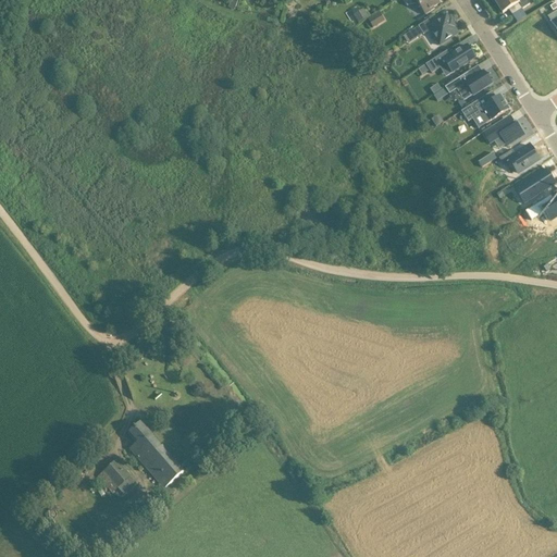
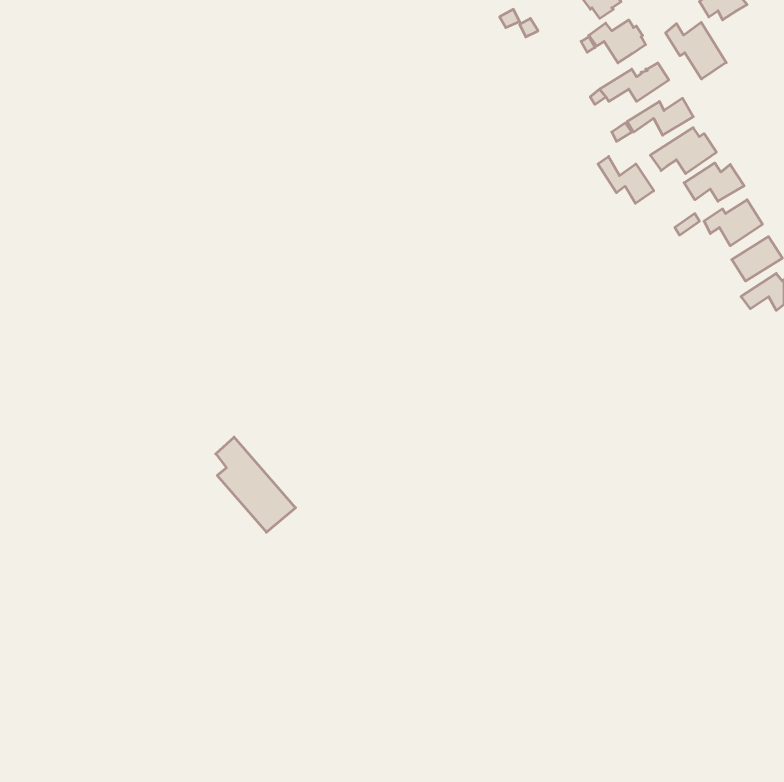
building: none -> [666,22,726,79]
building: none -> [598,156,654,203]
building: [127,420,184,487] -> [216,437,296,532]
building: [98,458,137,493] -> none

